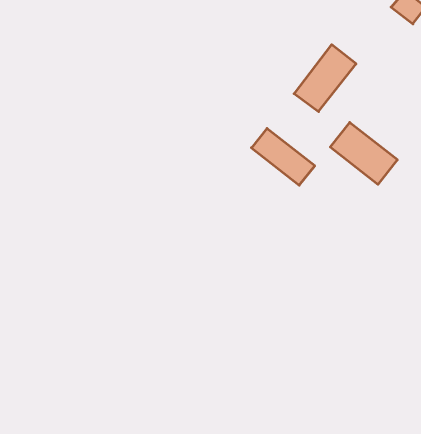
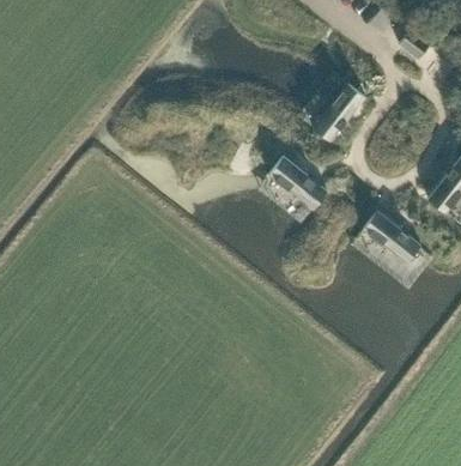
building: [330,122,397,184] -> [360,212,423,270]

